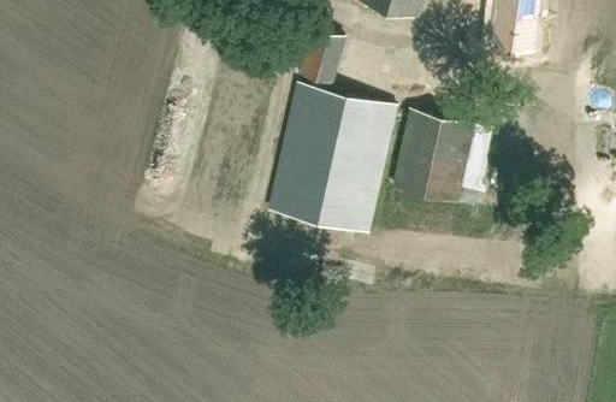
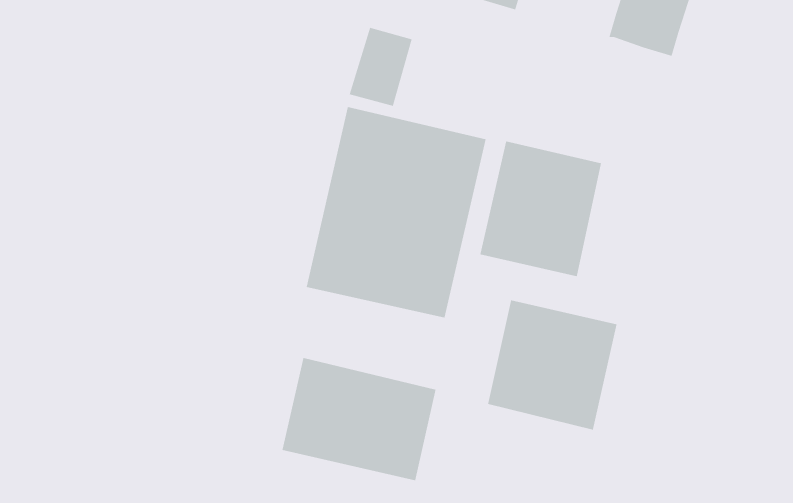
building: none -> [487,300,617,430]
building: none -> [282,357,436,481]

